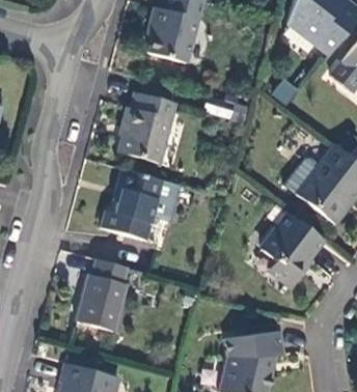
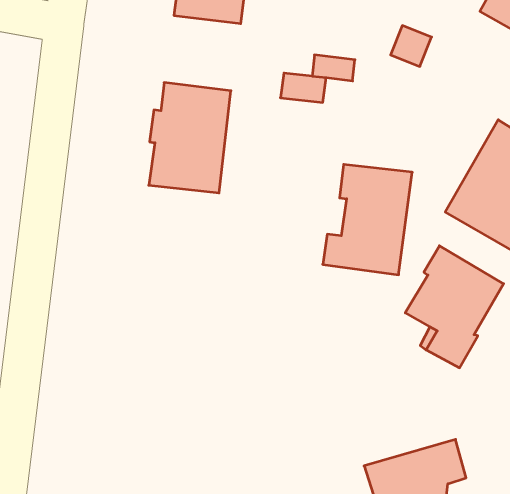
building: [102,170,163,241] -> [323,164,412,275]
building: [75,258,128,332] -> none

